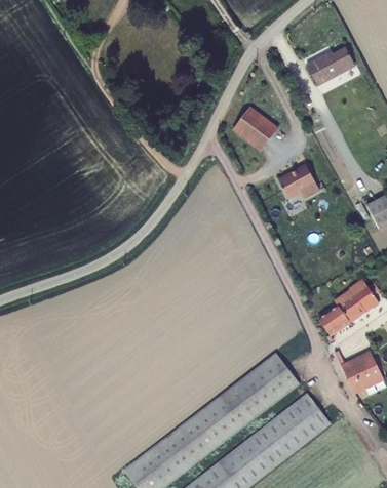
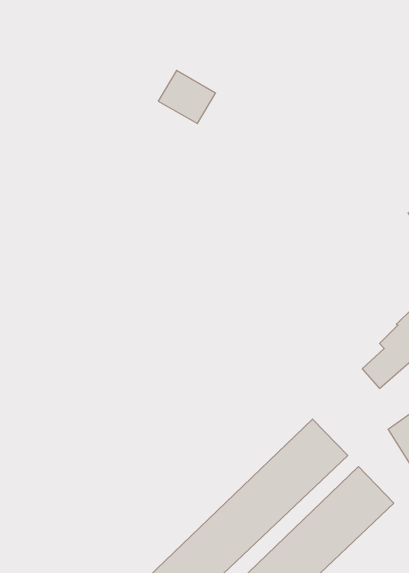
building: [306,48,355,85] -> none
building: [233,108,277,150] -> [158,70,216,124]
building: [278,164,318,197] -> none

